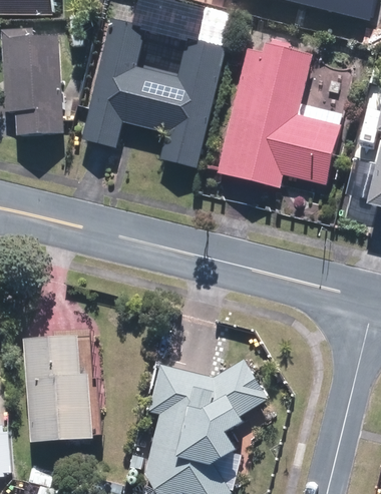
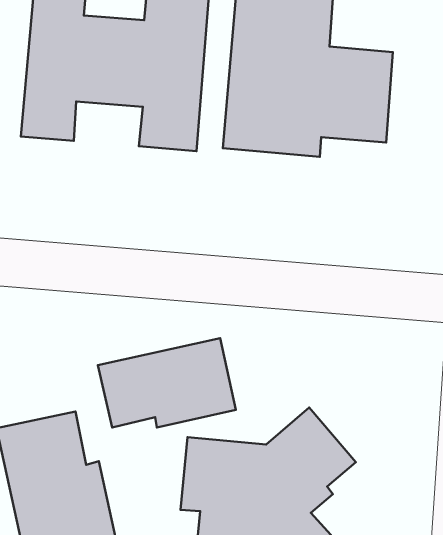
building: none -> [98,338,236,427]

